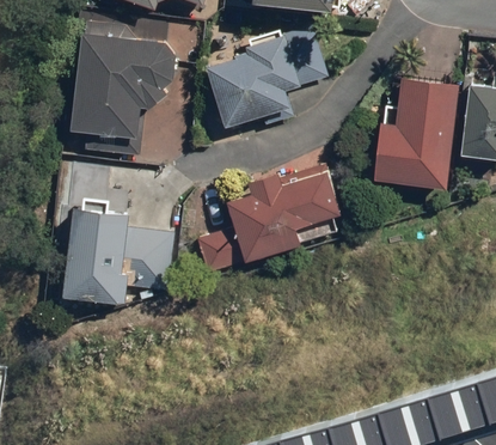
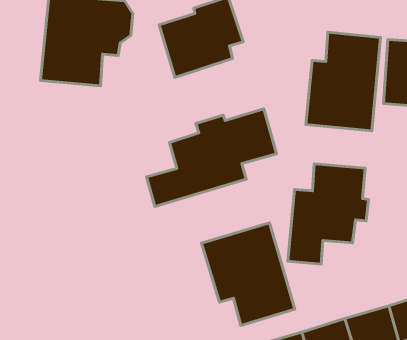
building: [62,208,169,304] -> none
building: none -> [288,164,368,264]
building: none -> [202,223,295,326]

